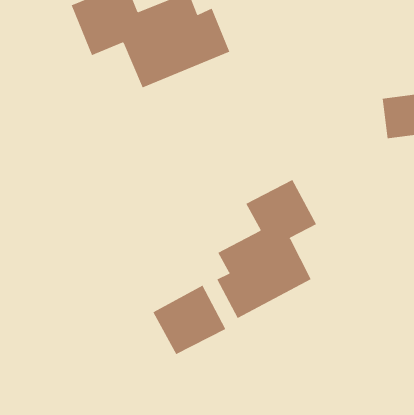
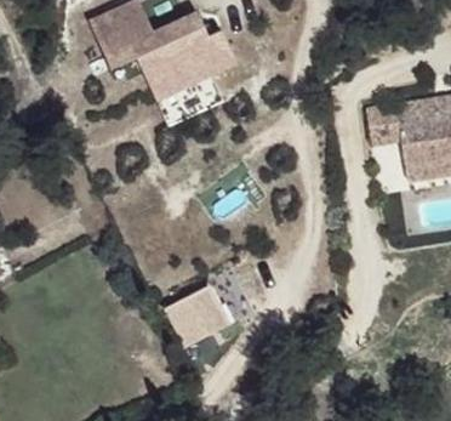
building: [217,179,317,319] -> none

